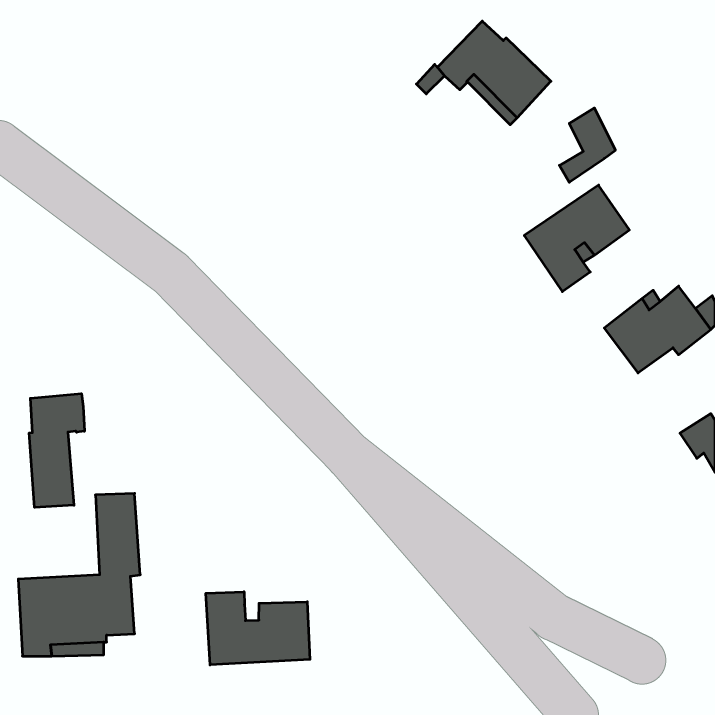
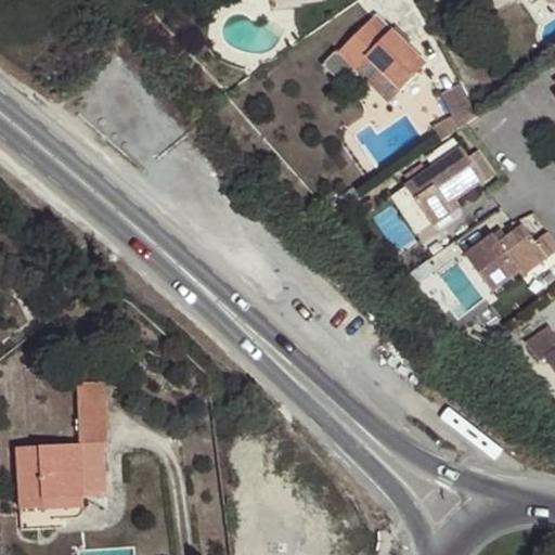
building: [29,394,84,507] -> none
building: [206,592,310,665] -> none

